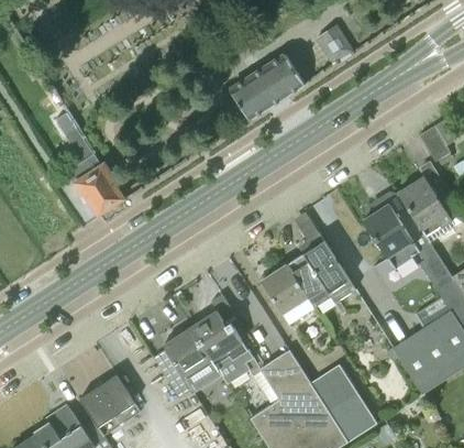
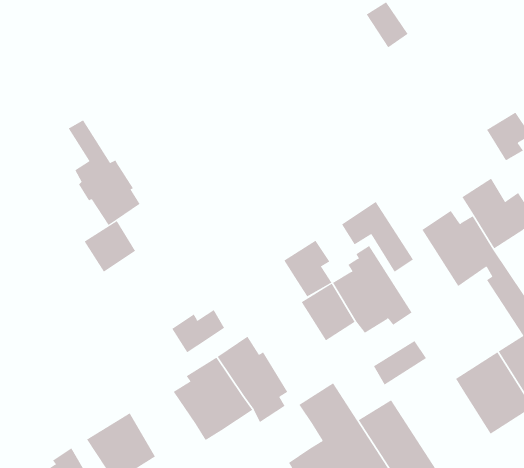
building: [230,55,305,123] -> none
building: none -> [84,220,136,273]
building: none -> [283,240,332,297]
building: none -> [171,309,225,353]
building: none -> [373,340,427,385]

